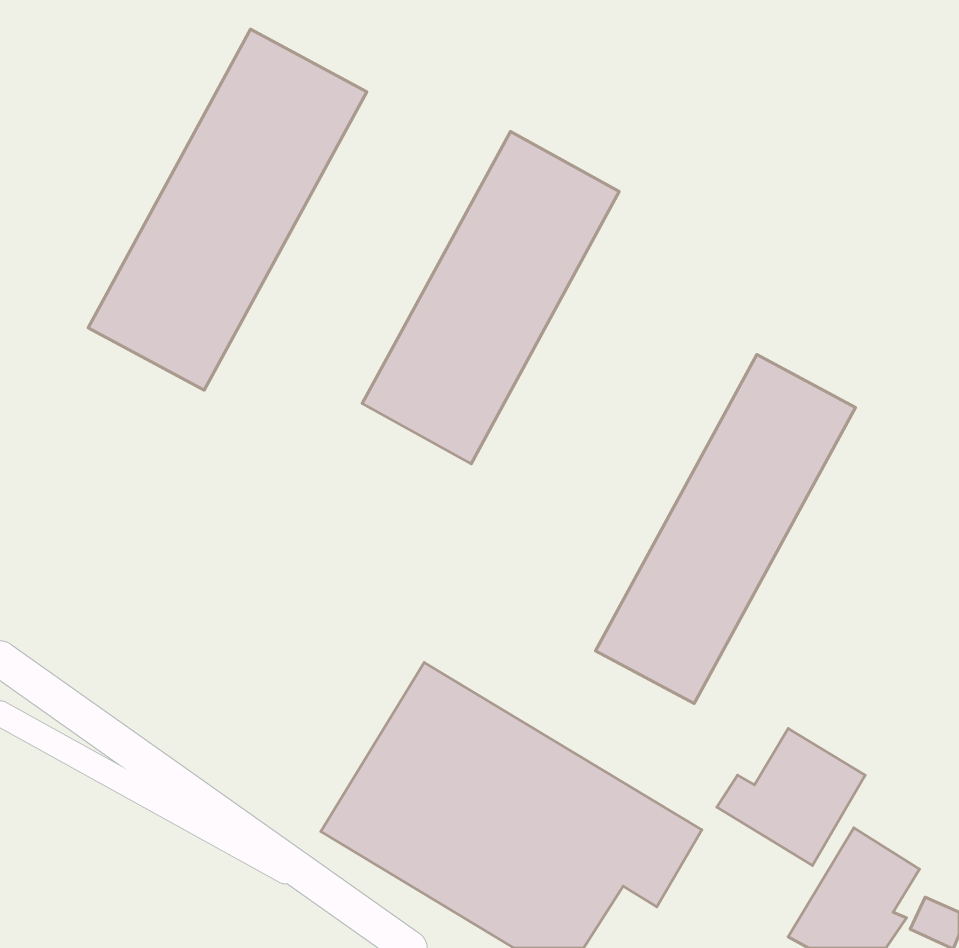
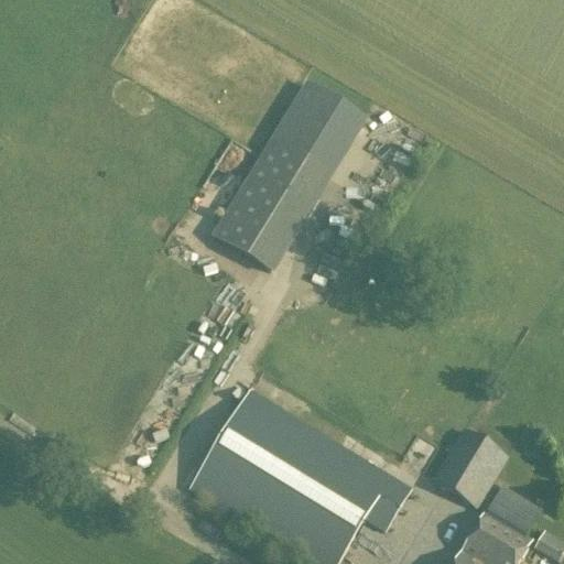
building: [88,29,367,390] -> none
building: [596,355,855,704] -> none

